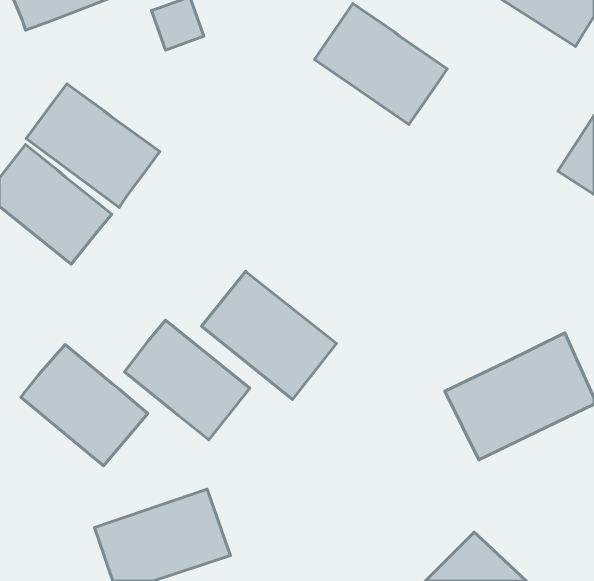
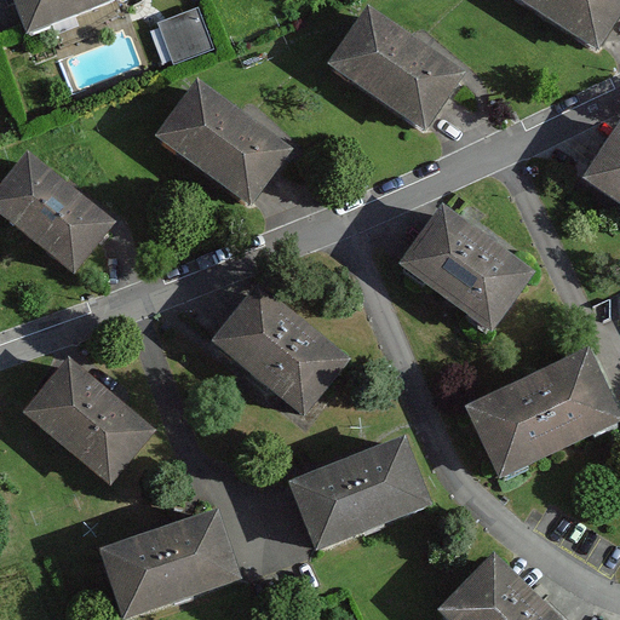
building: [26,84,160,207] -> [154,78,293,206]
building: none -> [397,203,535,332]
building: [125,320,250,440] -> none
building: none -> [289,435,432,550]

